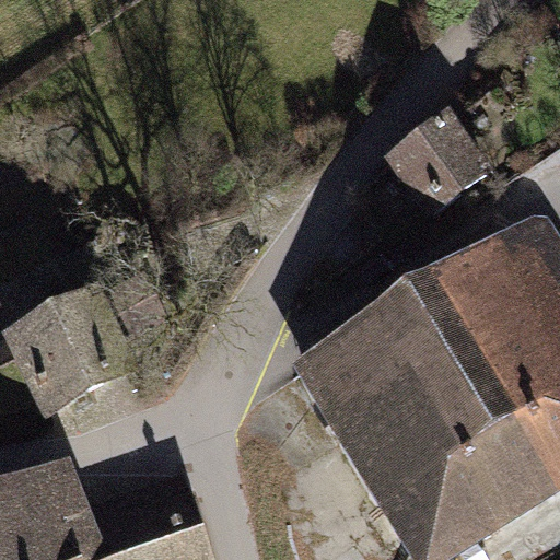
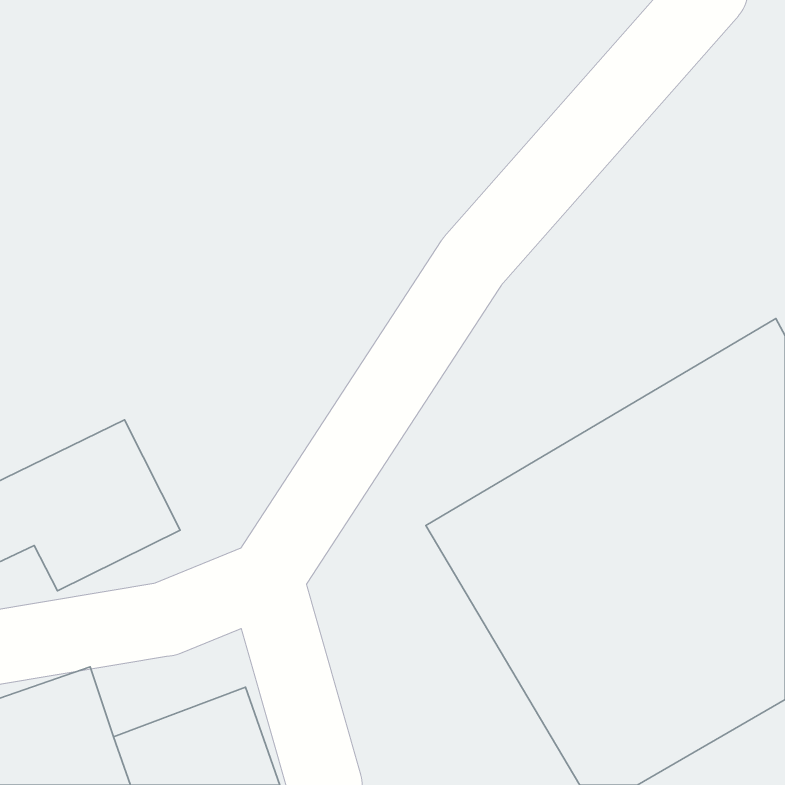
building: [388,107,494,211] -> none

